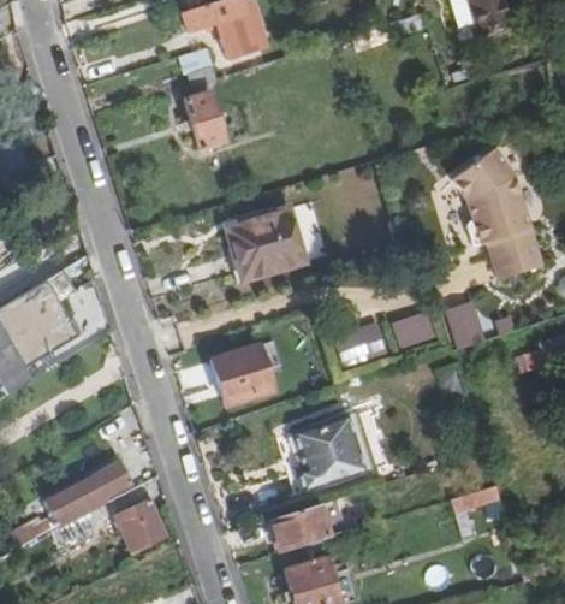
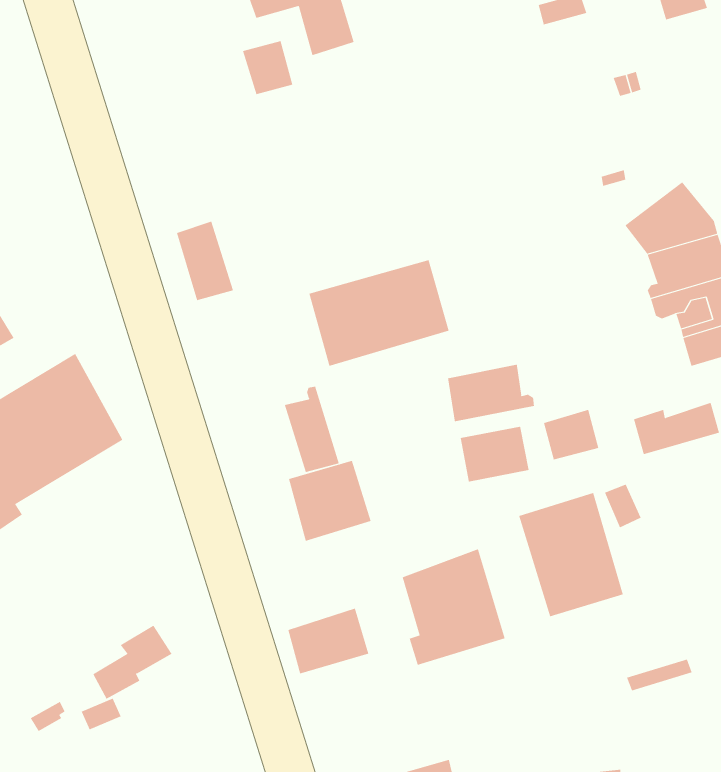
building: [184,90,225,147] -> [176,221,234,301]
building: none -> [448,364,534,422]
building: none -> [284,386,339,473]
building: none -> [518,492,623,617]
building: [115,498,167,550] -> none
building: [269,504,327,551] -> [288,608,369,674]

